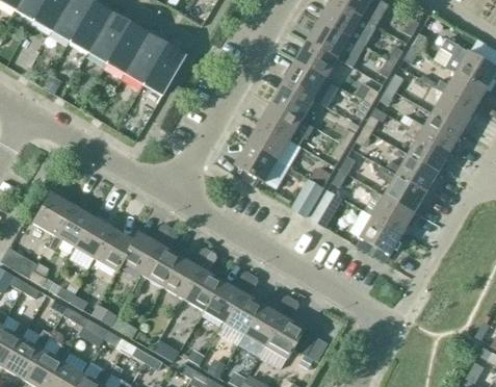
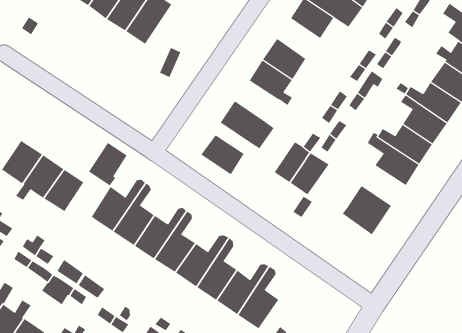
building: [285,61,328,103] -> none
building: [249,123,290,160] -> [201,135,245,175]
building: [373,196,416,233] -> none
building: [95,229,131,270] -> [88,142,128,186]

